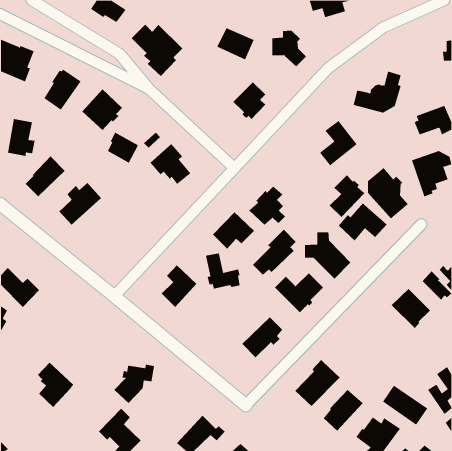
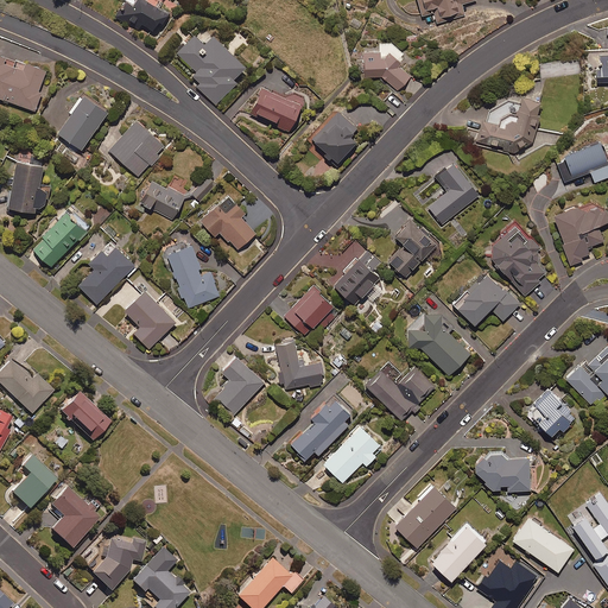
building: [216,28,254,60] -> [251,88,302,132]
building: [329,175,365,218] -> [390,218,438,277]
building: none -> [166,243,220,309]
building: none -> [125,291,176,348]
building: [252,229,296,276] -> [292,395,352,458]
building: none -> [59,392,110,442]
building: none -> [476,452,532,492]
building: none -> [11,455,57,508]
building: [113,364,155,404] -> [90,538,146,591]

